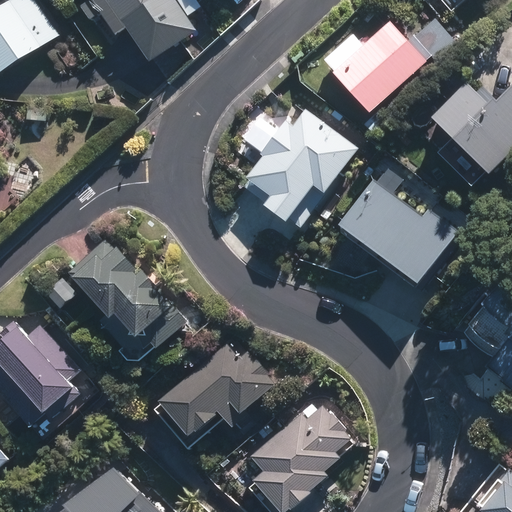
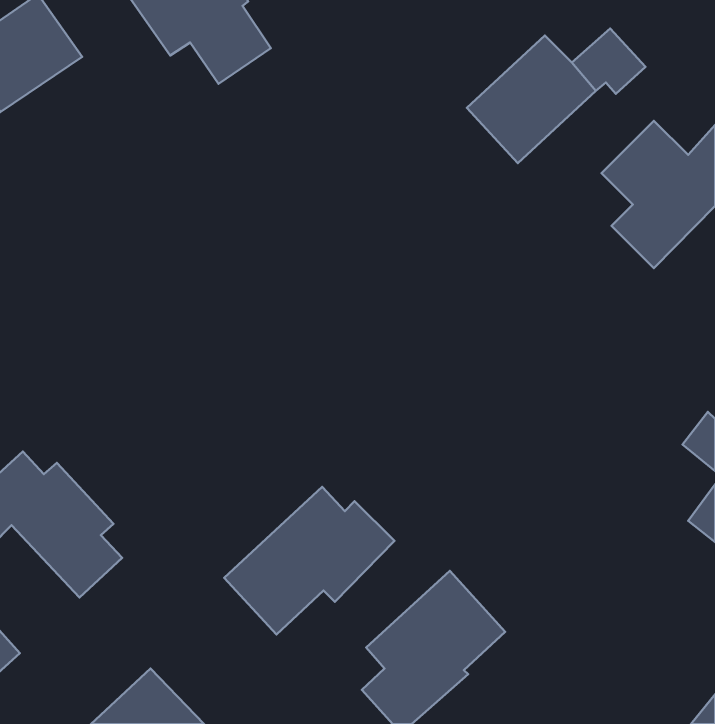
building: [246,110,348,222] -> none
building: [332,185,445,285] -> none
building: [73,240,189,344] -> none

